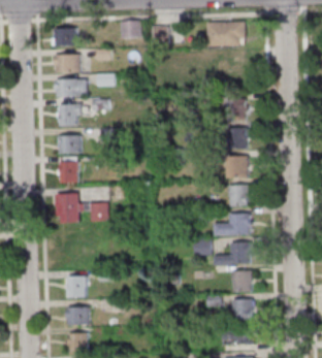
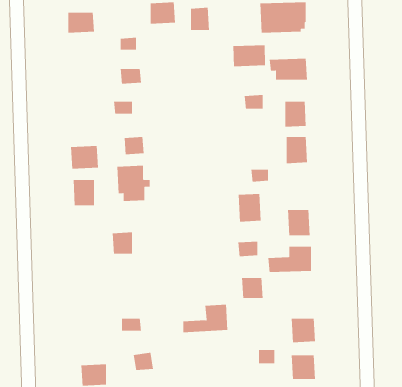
building: [56,55,79,72] -> none
building: none -> [233,45,266,67]
building: [57,79,87,97] -> none
building: [60,104,82,126] -> none
building: [228,156,247,178] -> [238,193,261,222]
building: [57,193,84,222] -> [116,165,150,202]
building: [214,242,250,265] -> [182,304,228,333]
building: [66,278,86,297] -> none

